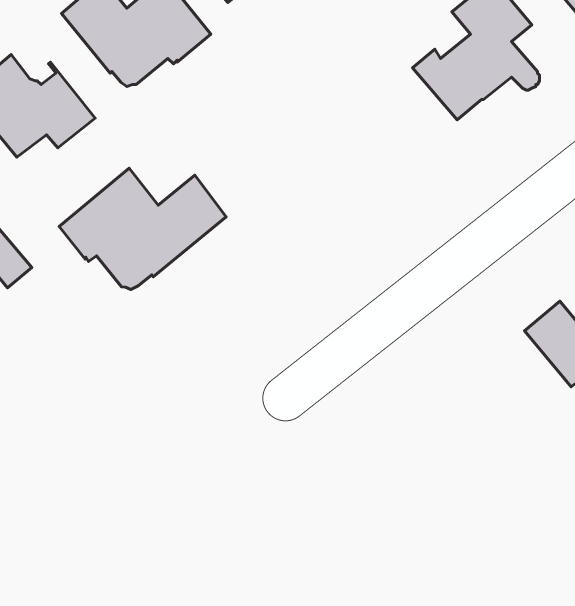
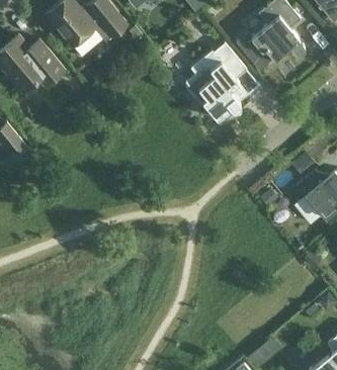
building: none -> [184,42,246,119]
building: [59,168,226,289] -> none

